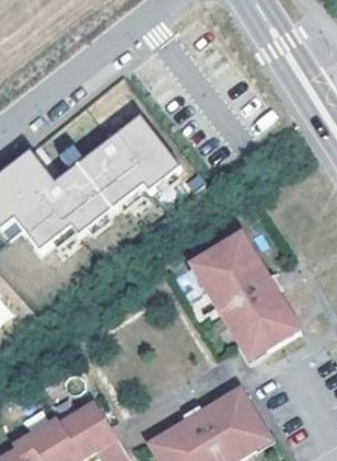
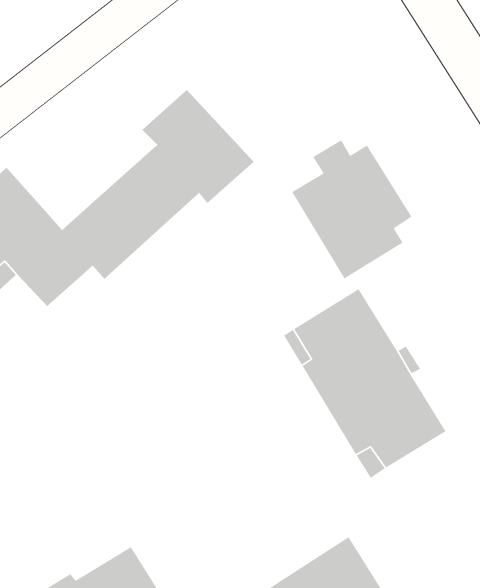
building: none -> [291,139,412,279]

